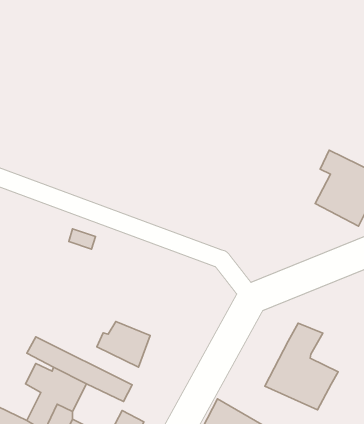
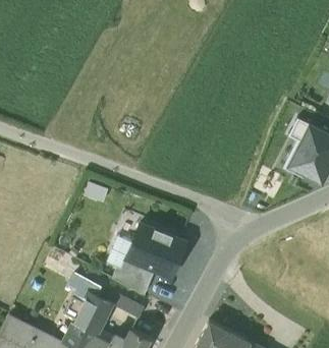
building: none -> [128,225,187,273]
building: [265,323,338,410] -> none

